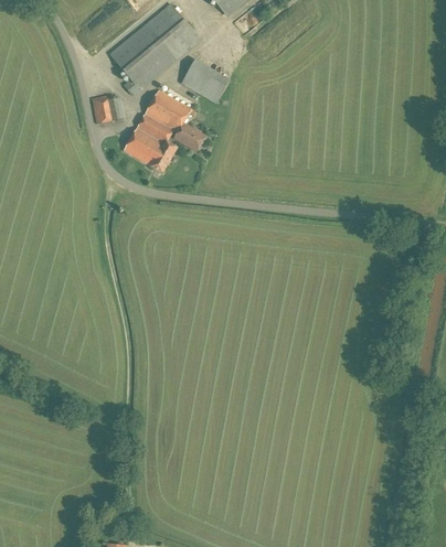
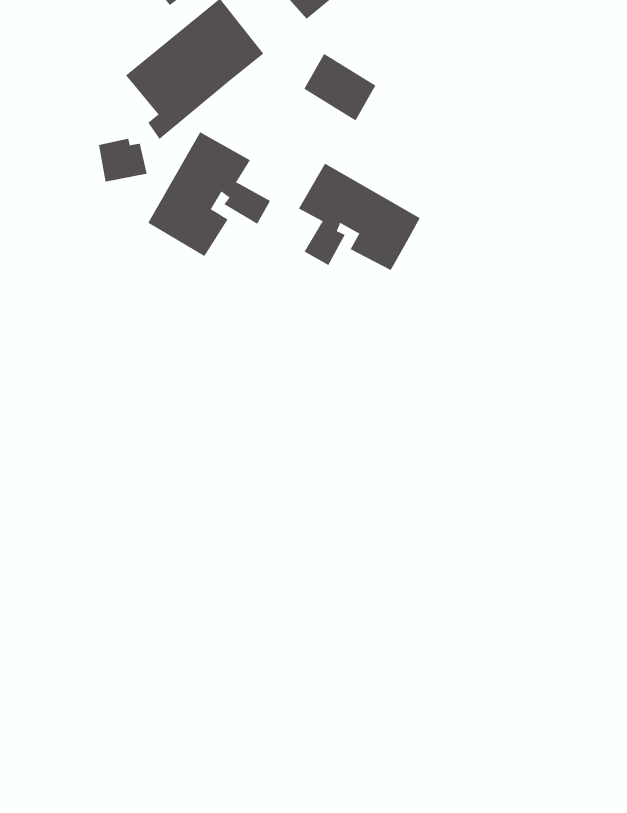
building: [181,58,229,103] -> [303,53,376,121]
building: none -> [298,163,420,271]

